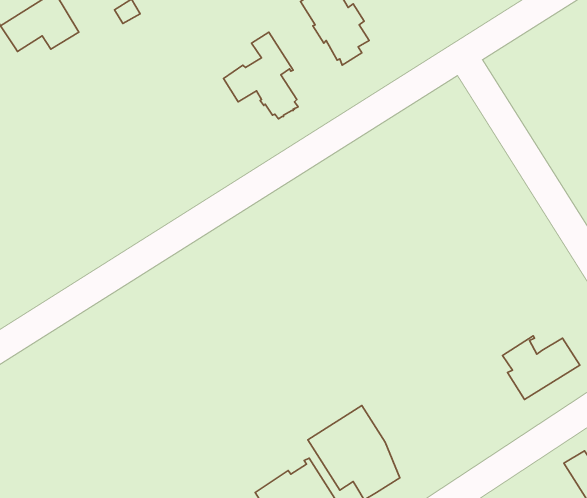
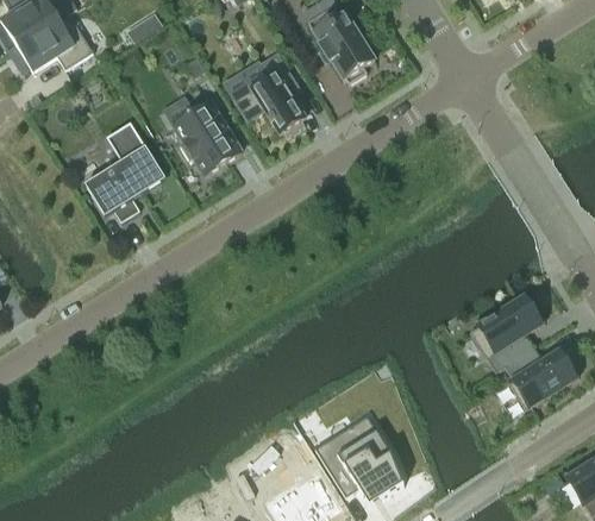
building: none -> [173,100,240,171]
building: none -> [84,120,164,219]
building: none -> [469,293,544,370]

